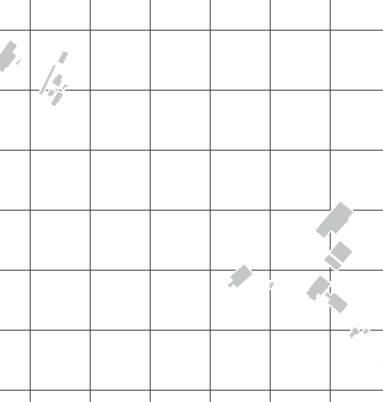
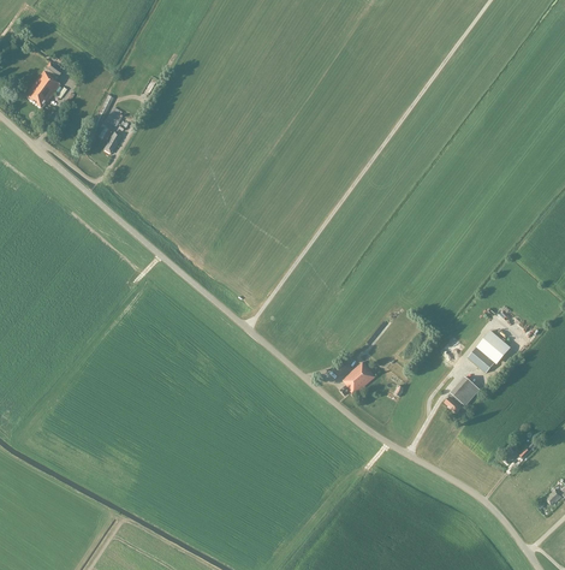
building: [314,200,354,239] -> none
building: [324,291,349,315] -> none

